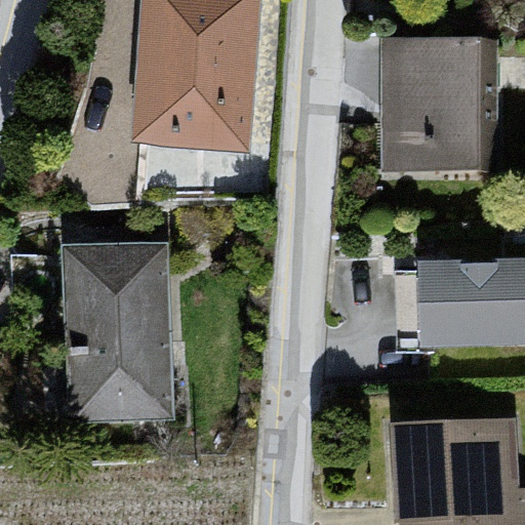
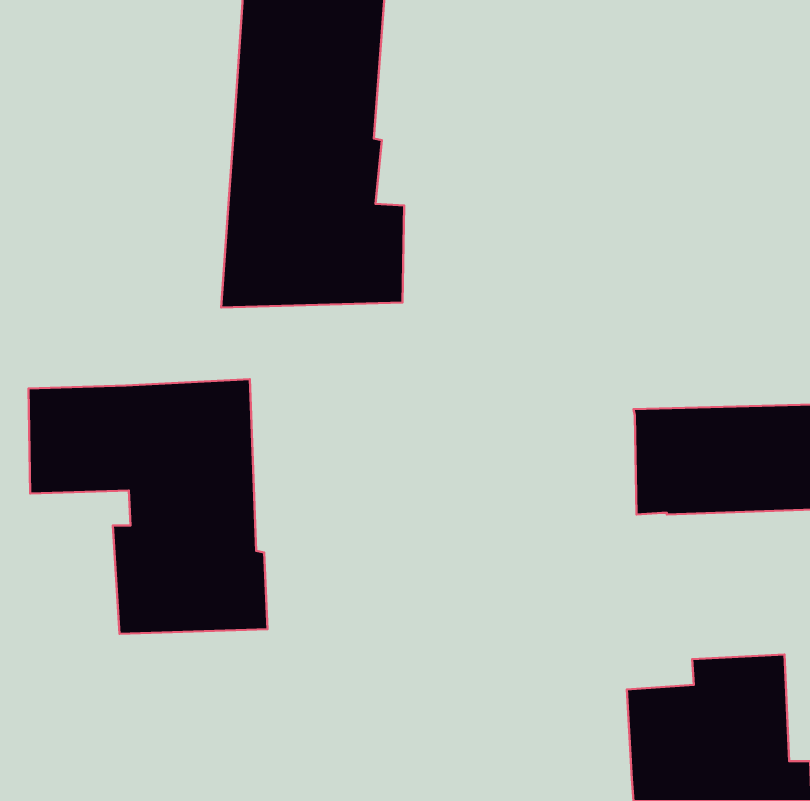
building: [389,38,495,161] -> none

